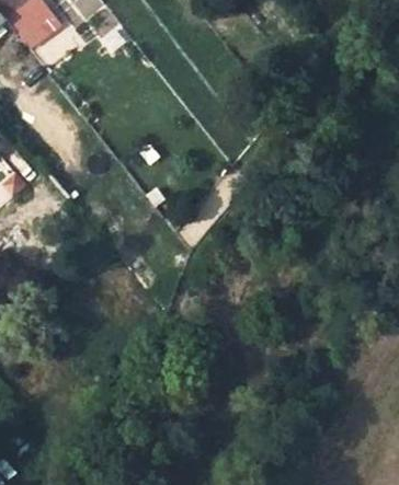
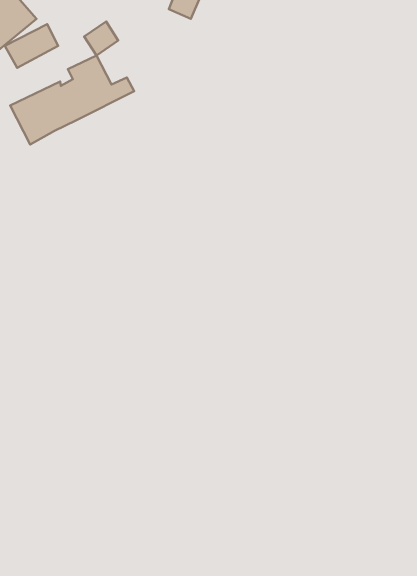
building: none -> [10,56,134,145]

